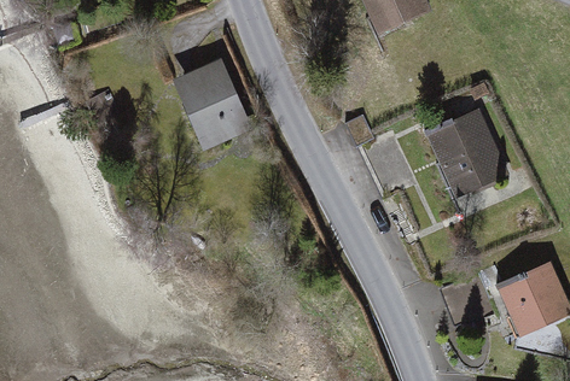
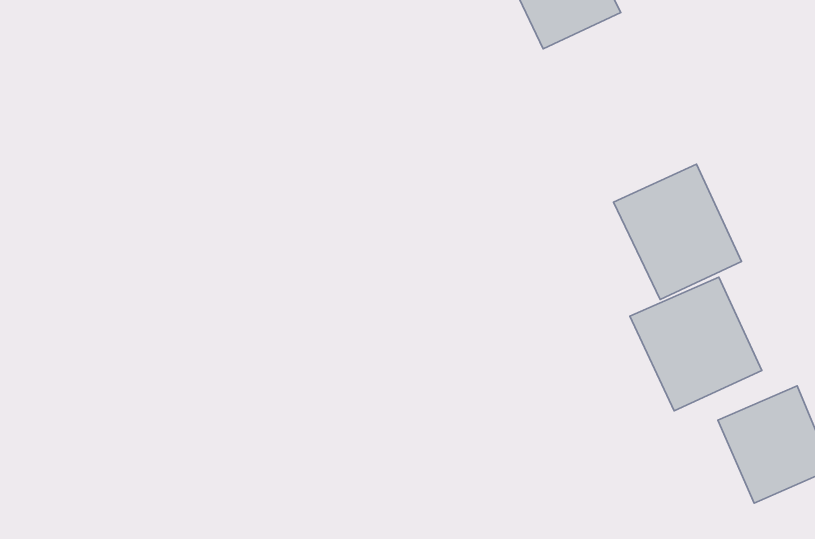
building: [173,59,255,153] -> none
building: none -> [630,277,762,411]

